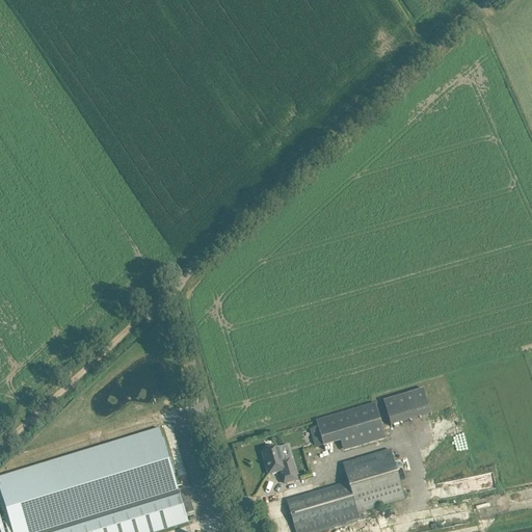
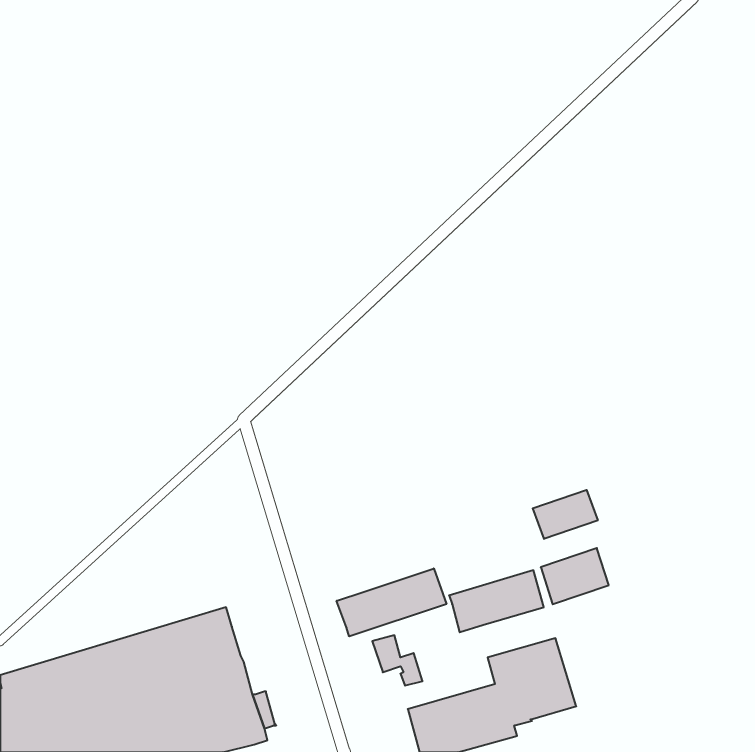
building: none -> [533,490,598,539]
building: none -> [337,568,446,636]

